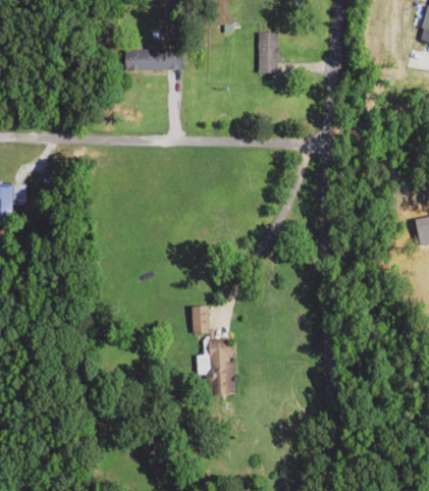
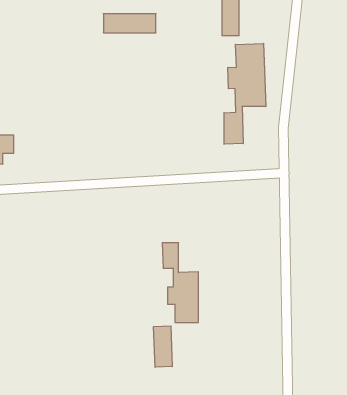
building: none -> [224,43,266,144]
building: none -> [154,326,172,367]

